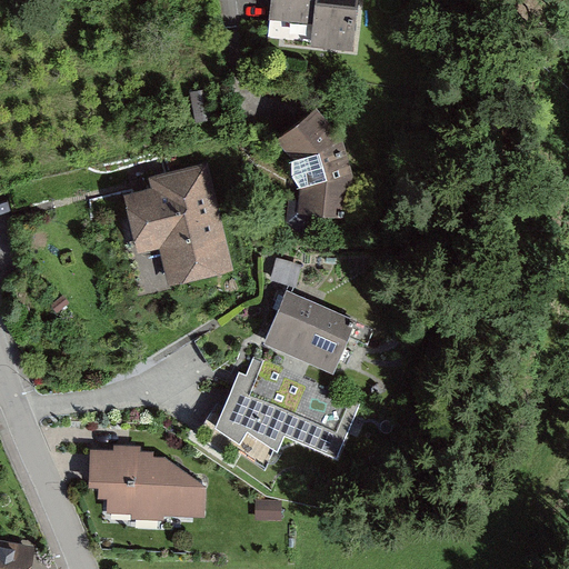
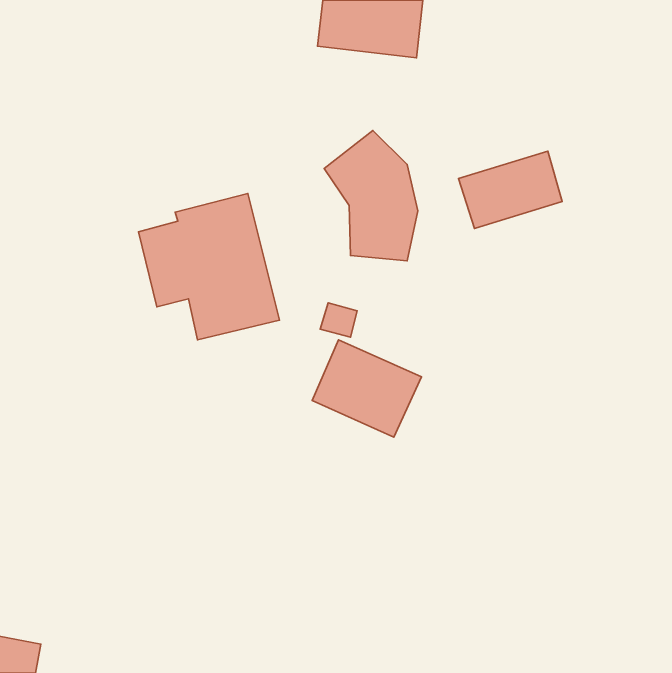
building: none -> [458,151,562,228]
building: [212,356,363,457] -> none
building: [87,448,206,519] -> none

